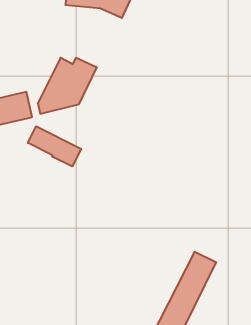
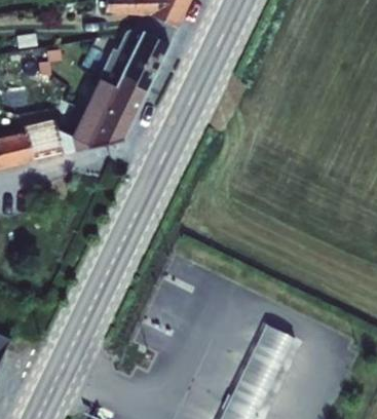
building: none -> [99,29,167,90]
building: [28,126,81,166] -> none

